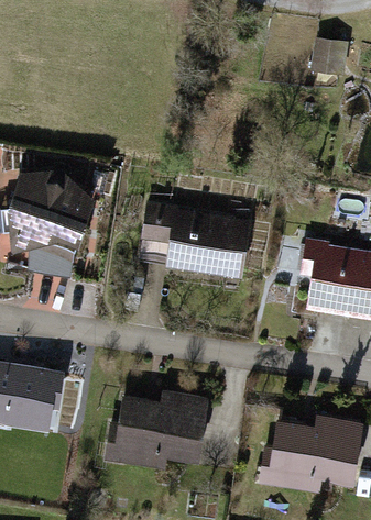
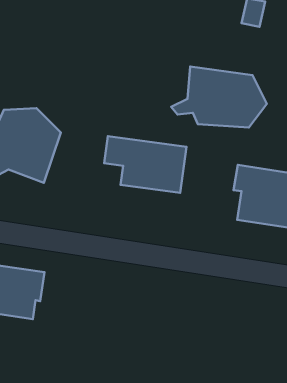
building: none -> [171,67,267,127]
building: [108,392,209,469] -> none
building: [262,417,363,494] -> none

